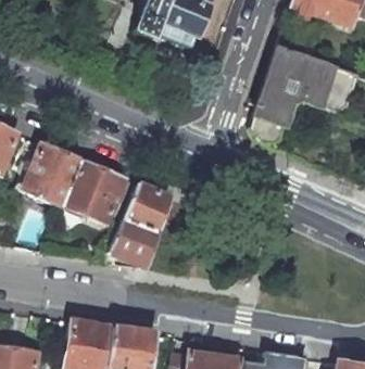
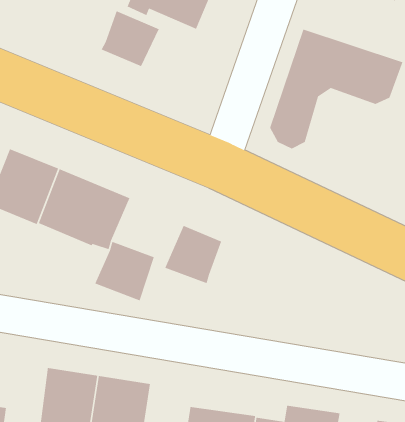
building: none -> [101,10,160,67]
building: [123,182,169,230] -> [164,225,222,284]

